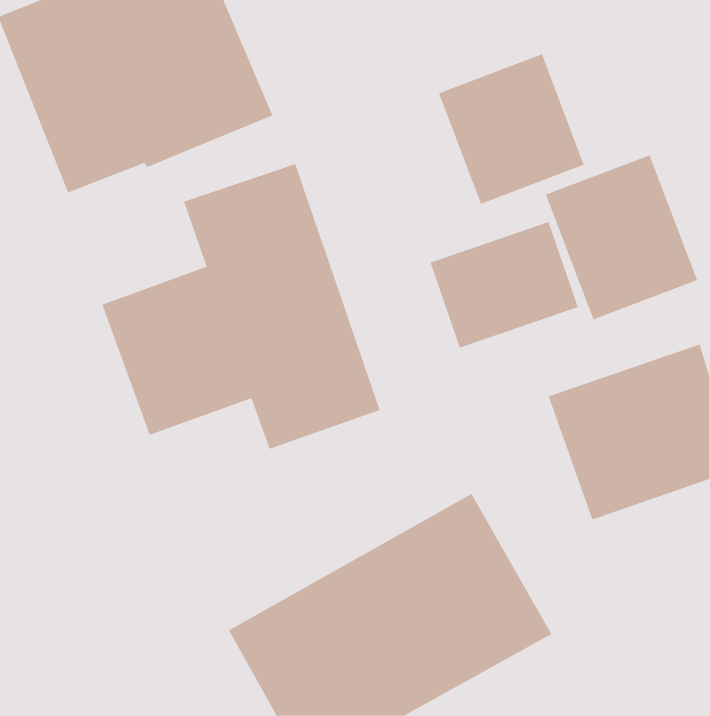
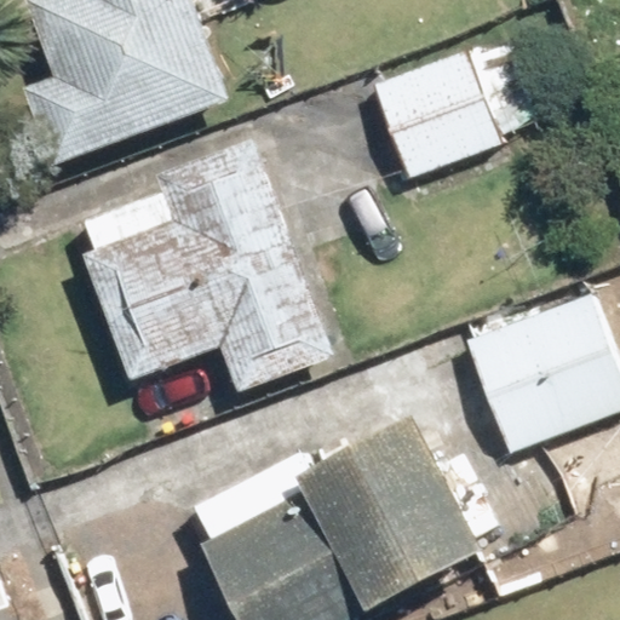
building: [545,155,698,320] -> none
building: [430,221,578,349] -> none

